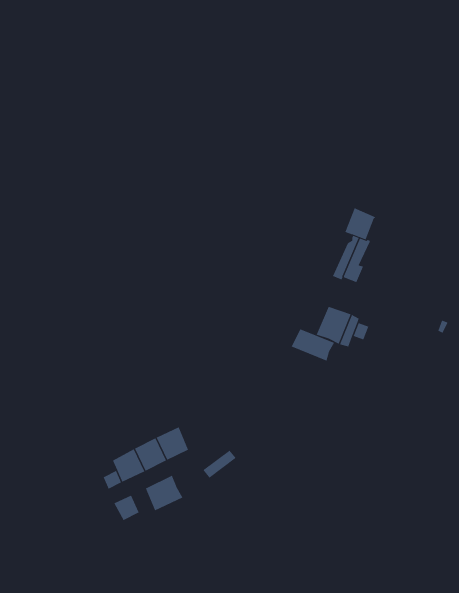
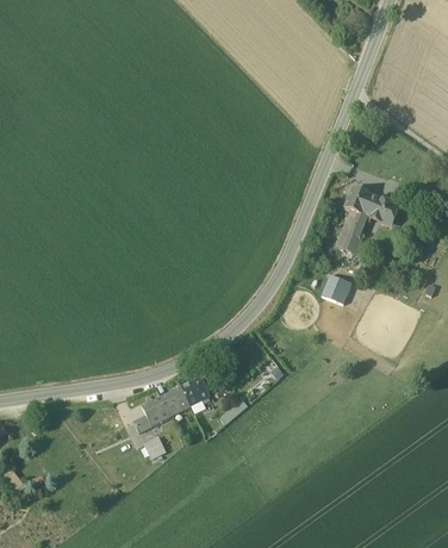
building: none -> [363,197,396,225]
building: [291,329,335,362] -> none
building: [145,475,183,511] -> none

